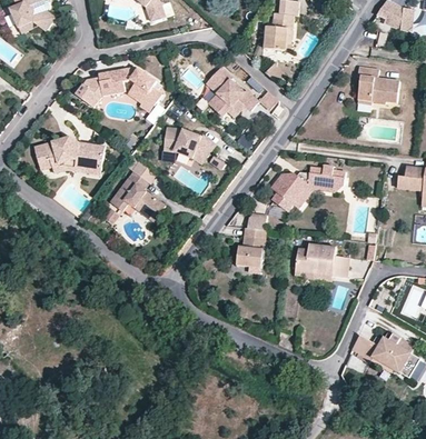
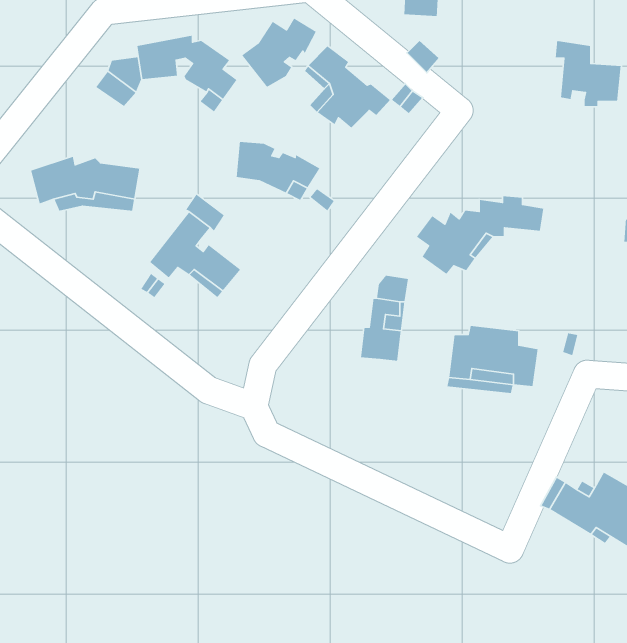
building: none -> [241,18,317,88]

